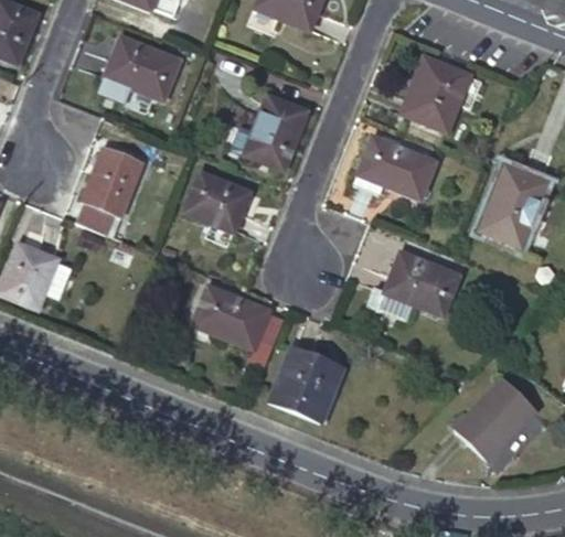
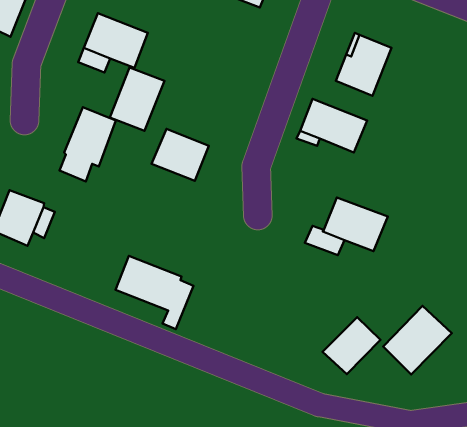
building: [245,95,309,169] -> [110,68,164,131]
building: [481,167,546,245] -> none
building: [193,284,285,370] -> [116,256,194,329]
building: [270,346,344,421] -> none
building: none -> [323,317,381,374]

